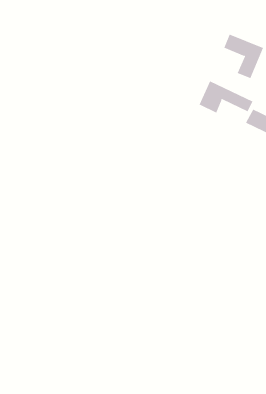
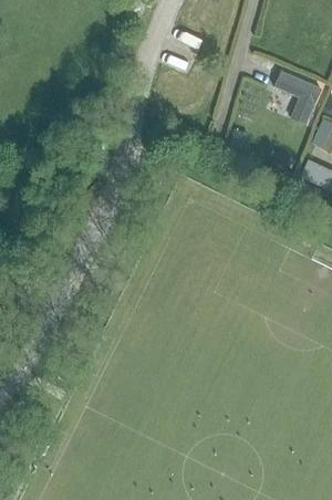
building: [199,80,253,113] -> none

